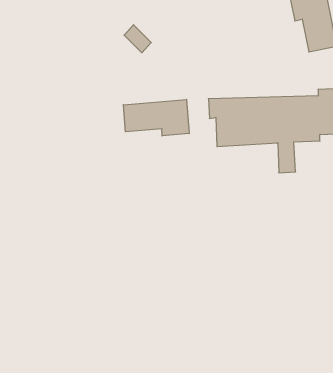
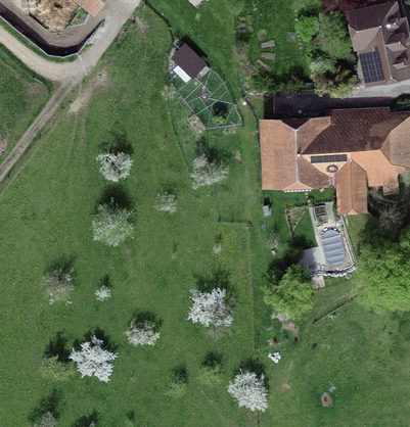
building: [123,99,189,136] -> none

